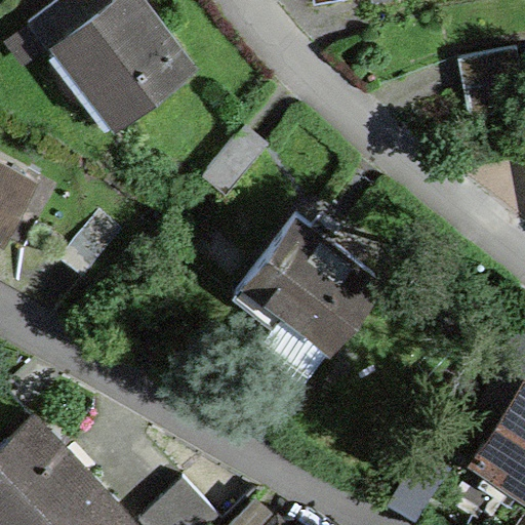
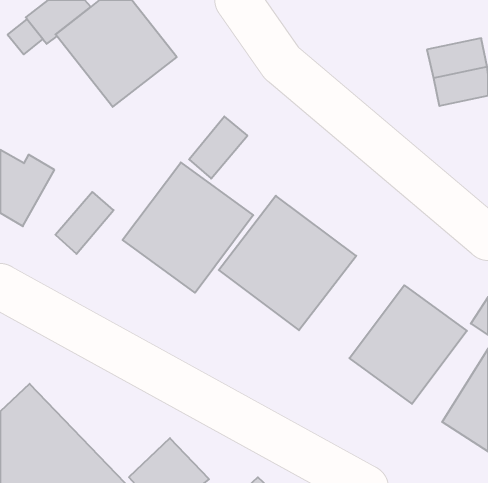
building: none -> [123,162,253,293]
building: none -> [349,285,467,404]

